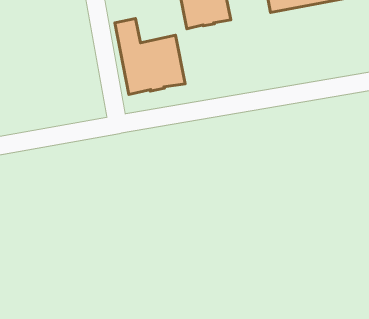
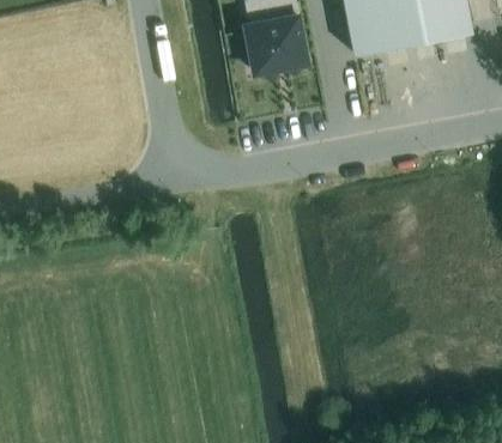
building: [115,19,185,94] -> none

